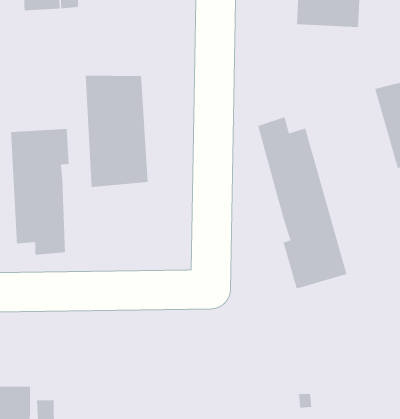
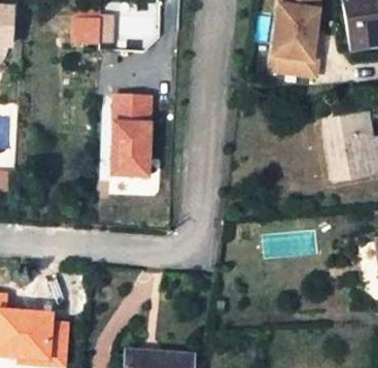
building: [257,116,348,289] -> none
building: [10,128,70,255] -> none

